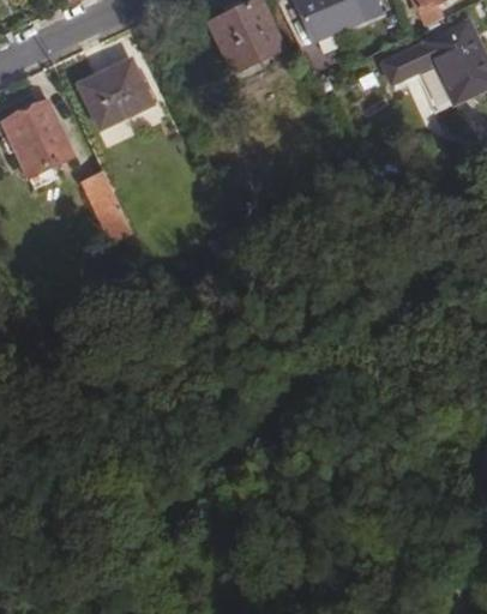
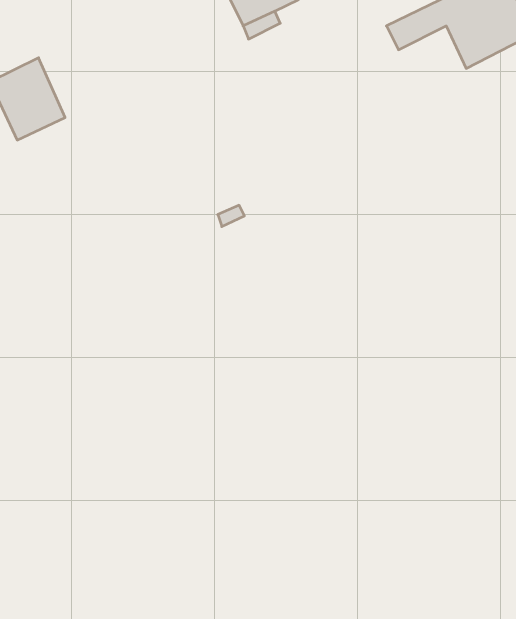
building: [78,59,151,128] -> none
building: [83,173,132,240] -> none

